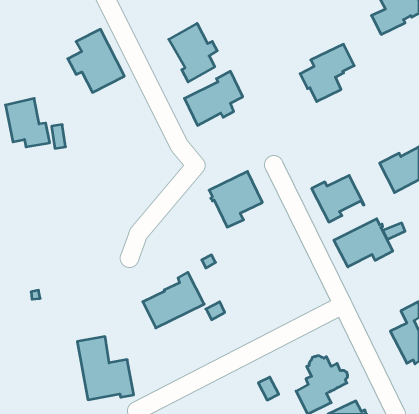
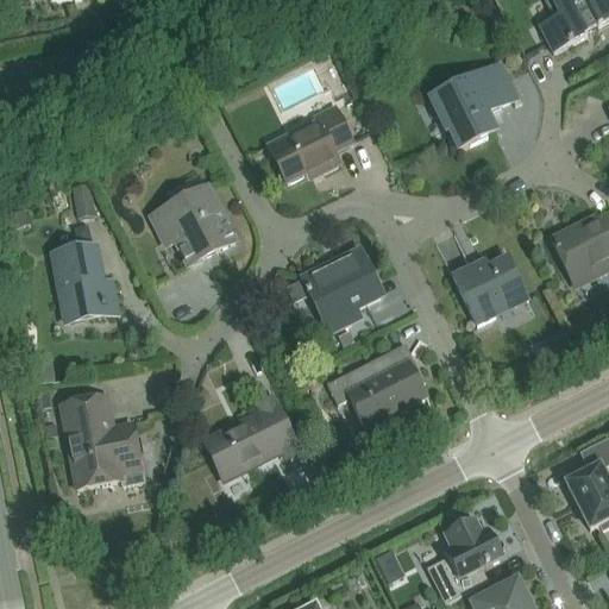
building: [169,23,217,82] -> none
building: [68,29,124,92] -> [152,171,234,263]
building: [5,98,50,147] -> [54,244,118,314]
building: [334,219,393,267] -> none
building: none -> [327,346,427,427]
building: [77,337,134,400] -> [61,395,143,486]

